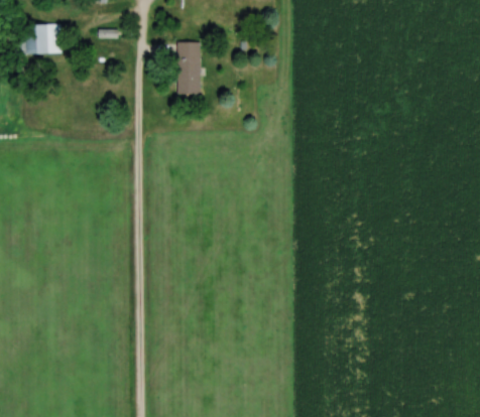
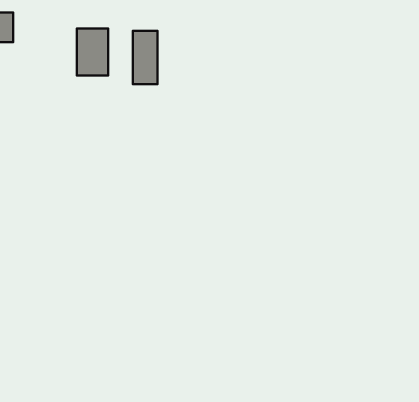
building: none -> [77,28,108,76]

